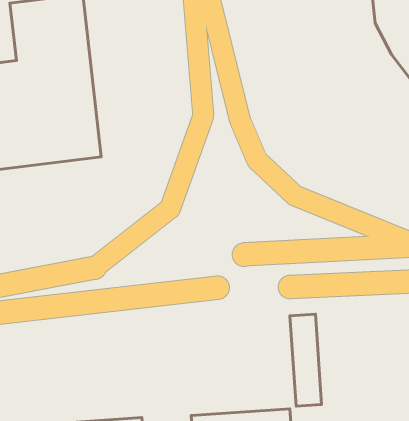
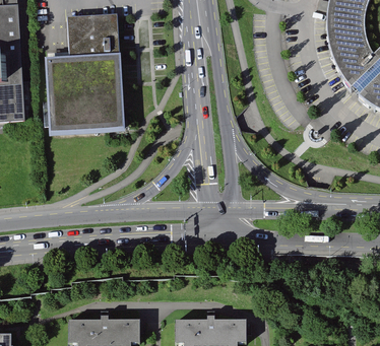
building: [290,314,322,406] -> none

